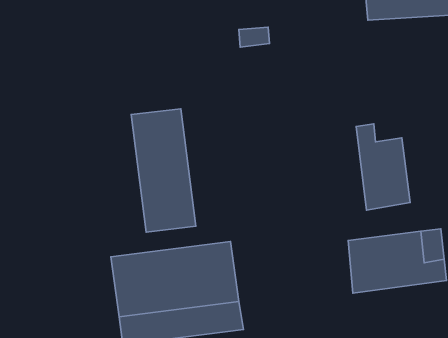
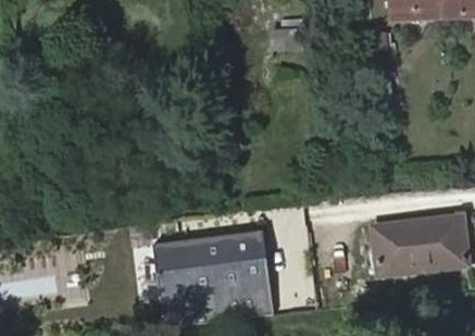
building: [131,109,196,232] -> none
building: [356,124,410,210] -> none

